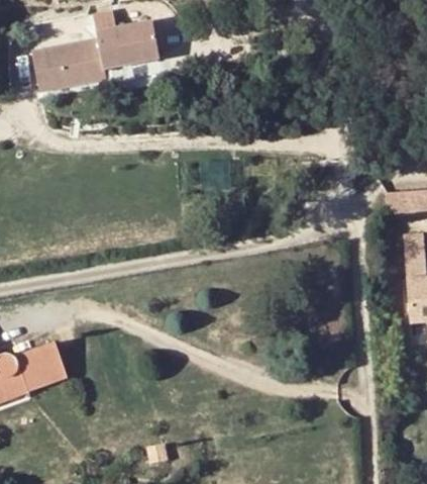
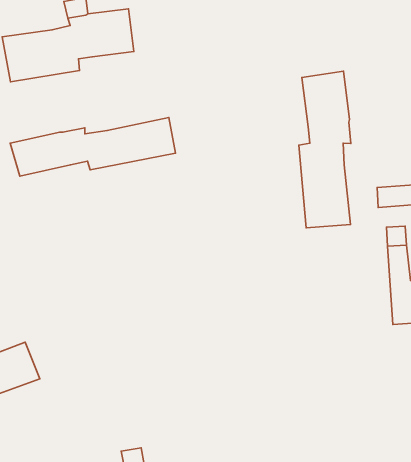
building: none -> [299,71,351,228]
building: none -> [10,117,175,176]

